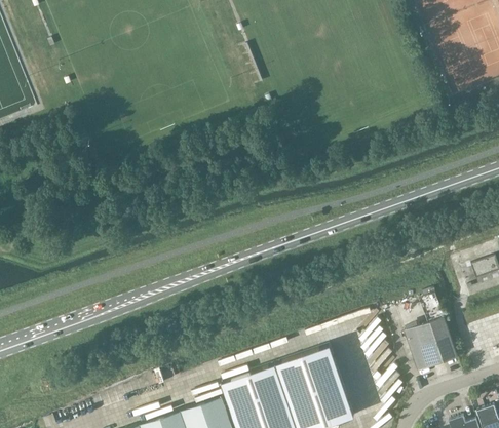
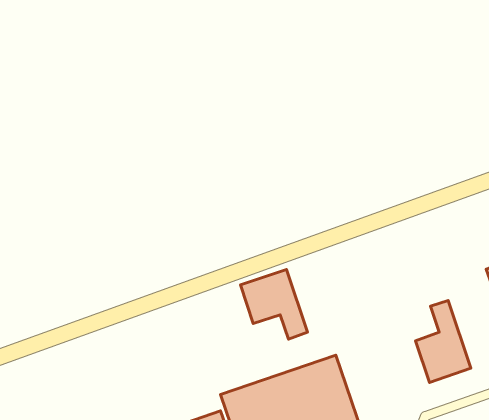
building: none -> [240,269,308,339]

